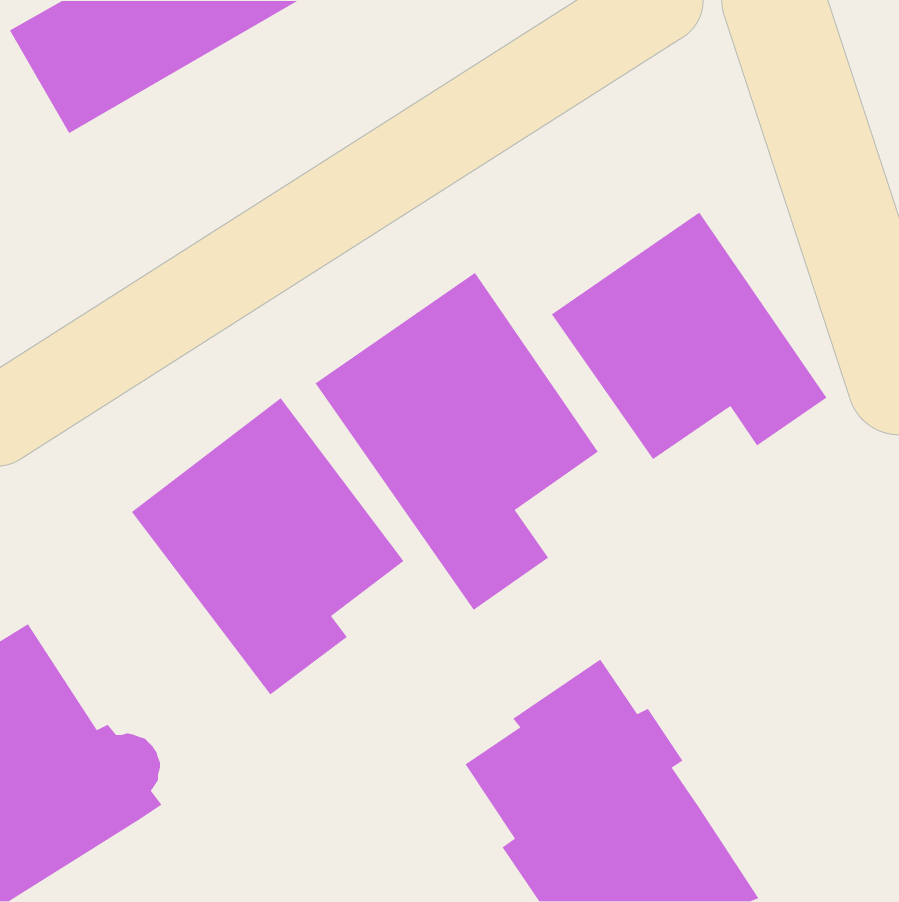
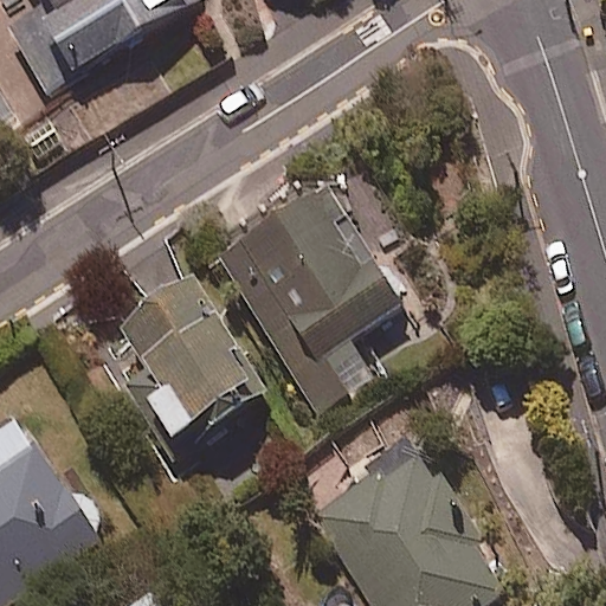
building: [551,211,827,460] -> none

